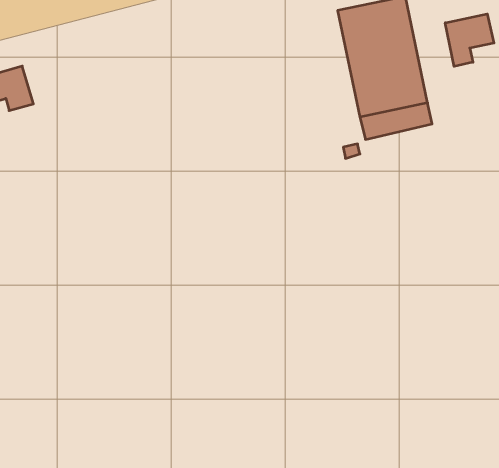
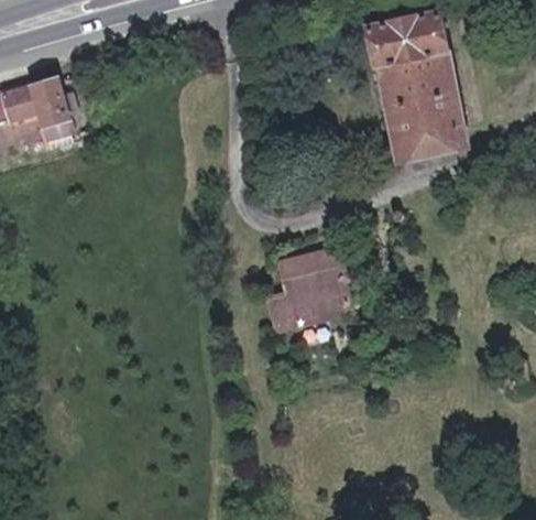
building: [445,14,494,66] -> none
building: none -> [280,247,352,326]

